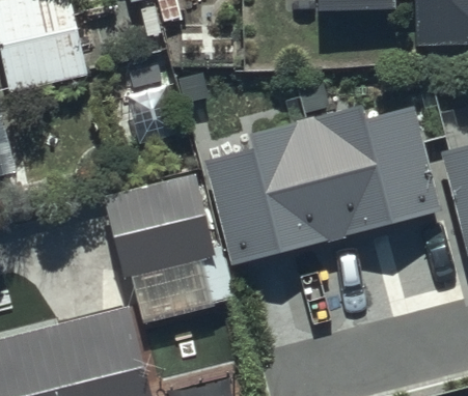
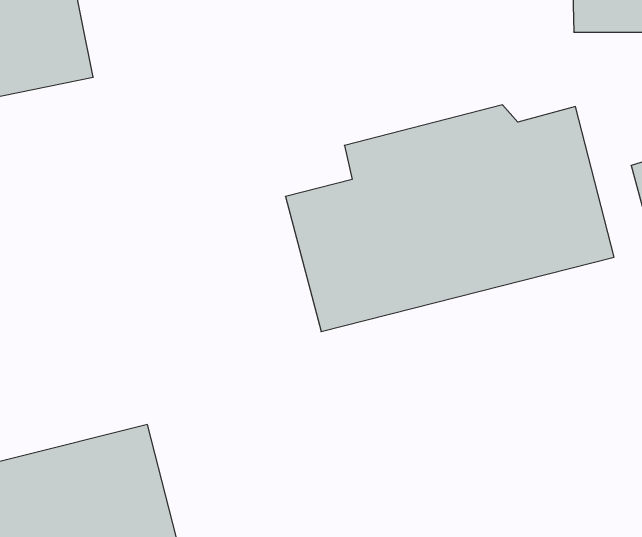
building: [102,171,223,278] -> none

